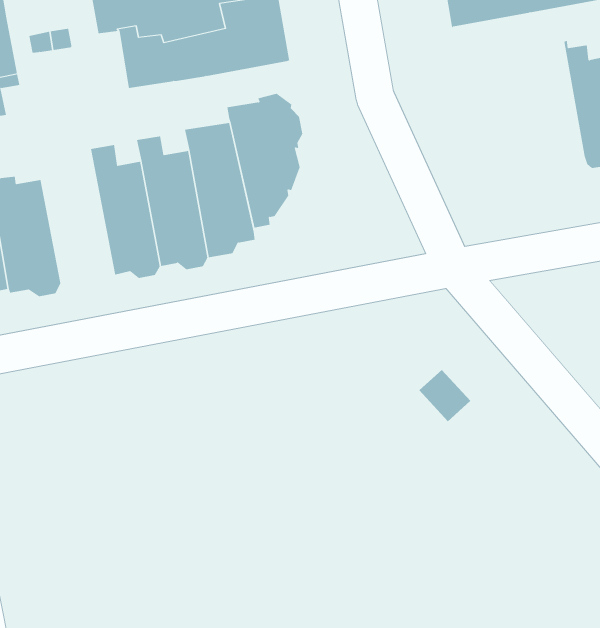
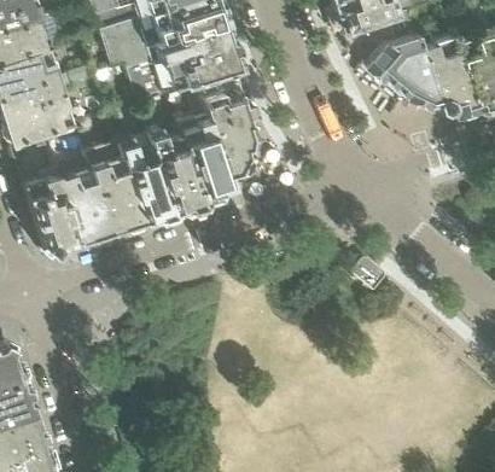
building: none -> [343,16,438,107]
building: none -> [187,68,245,112]
building: none -> [86,140,145,231]

